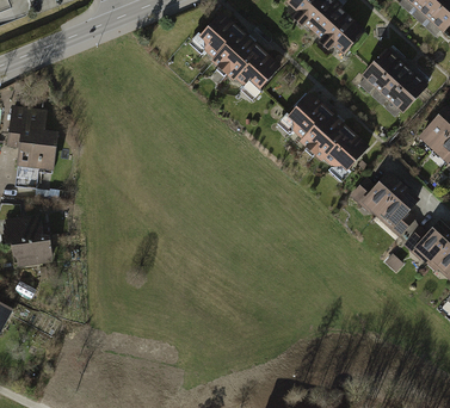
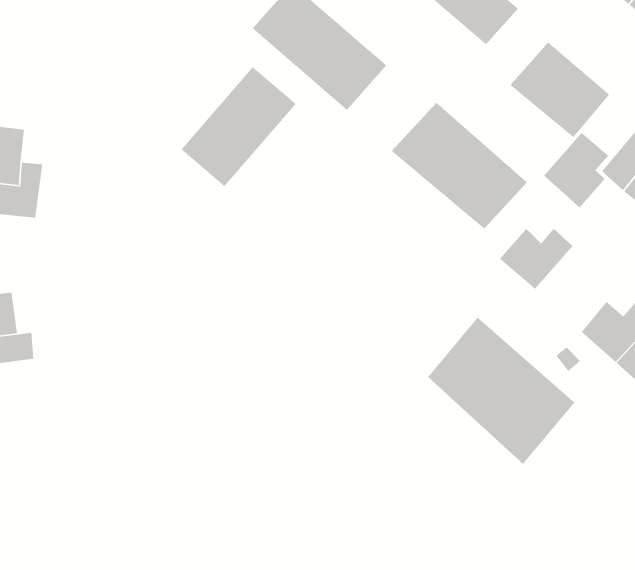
building: none -> [181,66,297,187]
building: [376,185,419,235] -> [543,132,609,208]
building: none -> [427,317,575,465]

